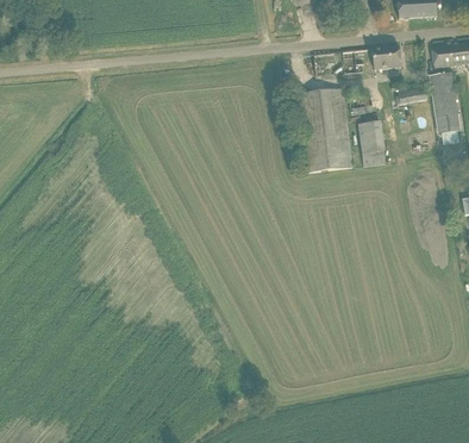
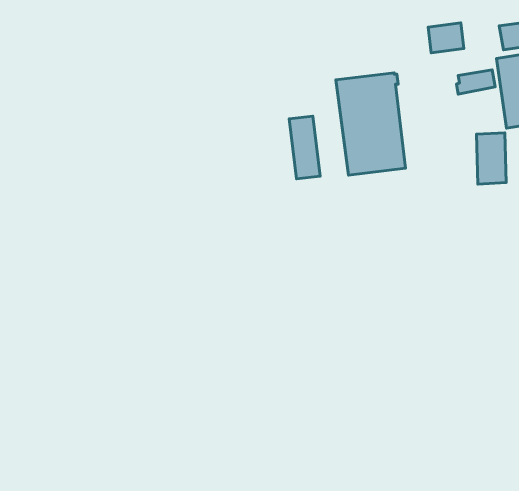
building: [359,121,384,164] -> [476,133,506,184]
building: none -> [289,116,320,179]

